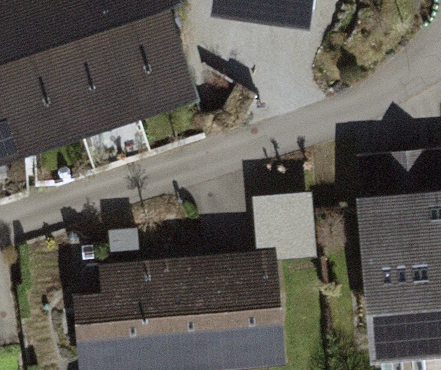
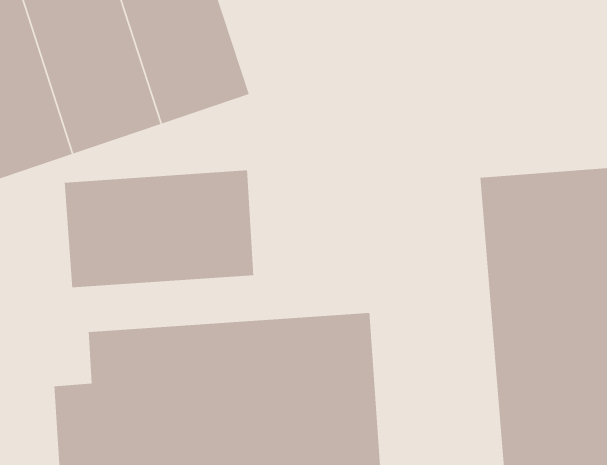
building: none -> [64,169,254,288]

